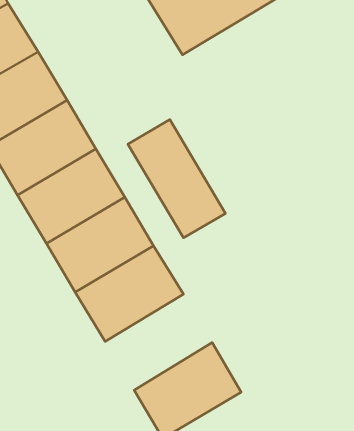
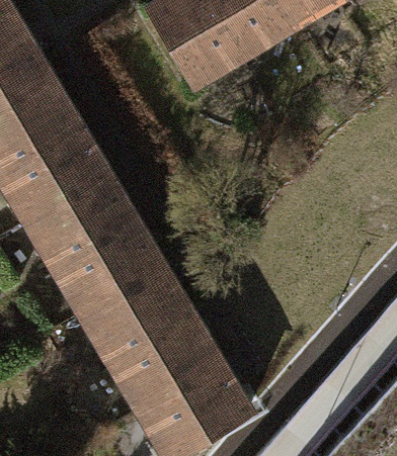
building: [128,120,225,238] -> none
building: none -> [113,316,219,411]

